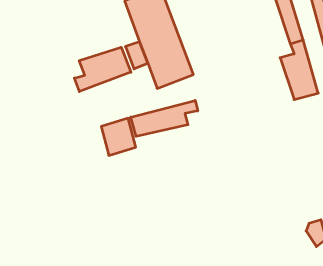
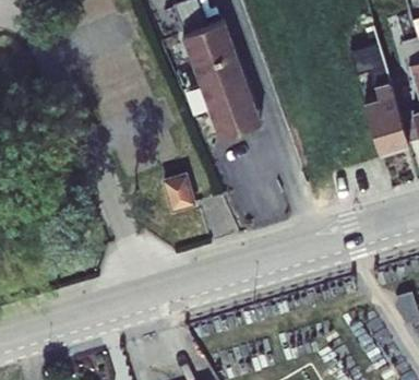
building: [74,47,131,92] -> none
building: [131,100,198,136] -> none

